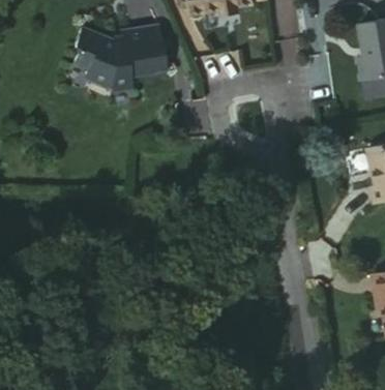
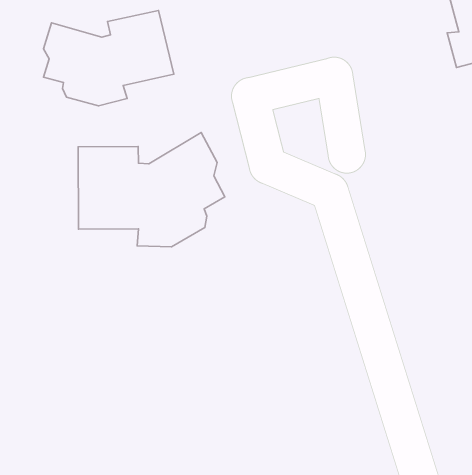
building: none -> [78,133,225,247]

